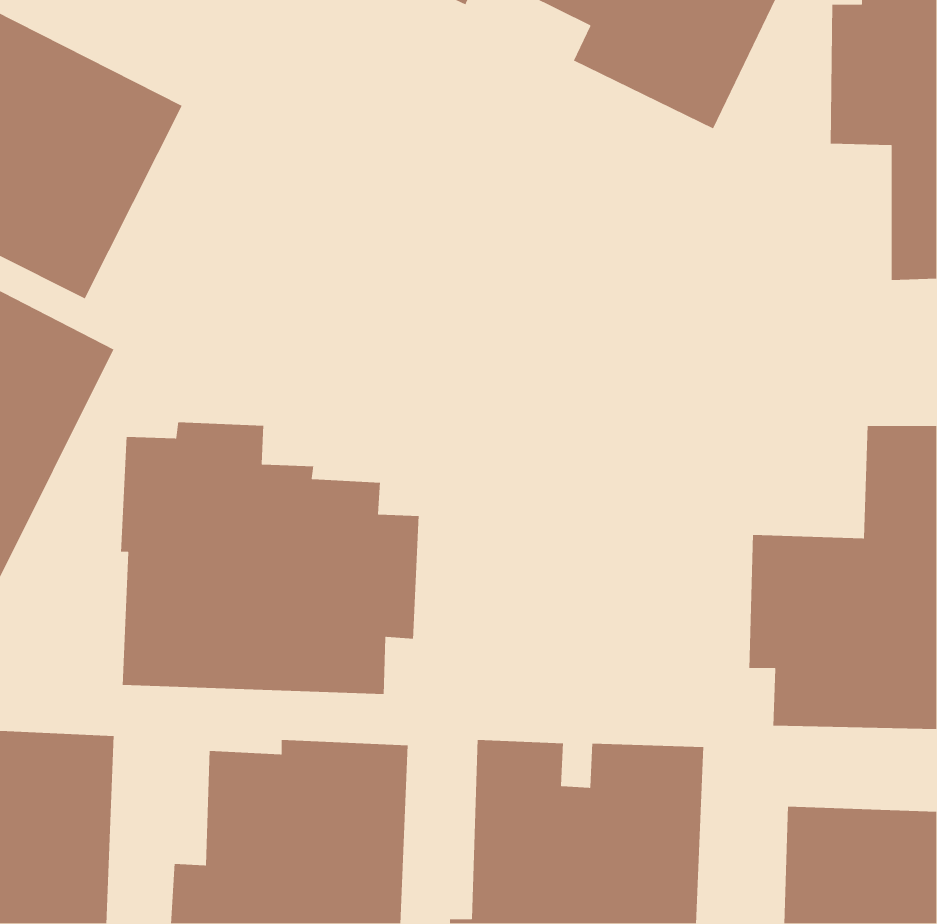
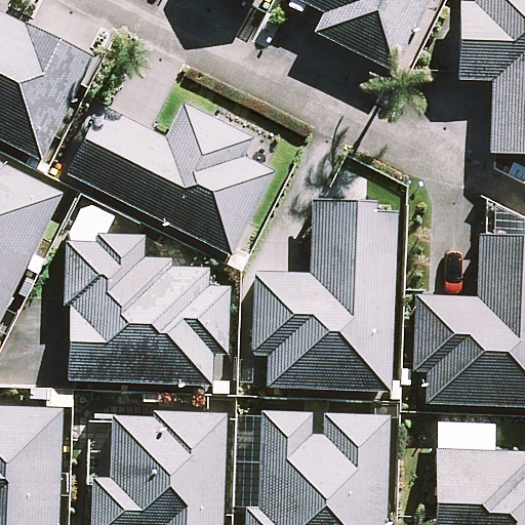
building: none -> [69,103,276,256]
building: none -> [254,200,398,392]

